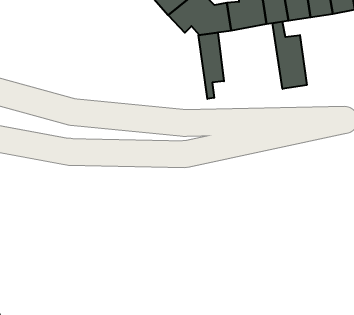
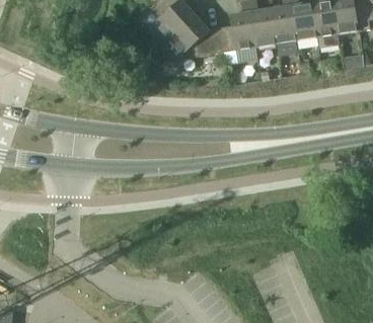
building: [273,22,307,89] -> none
building: [199,32,224,99] -> none

